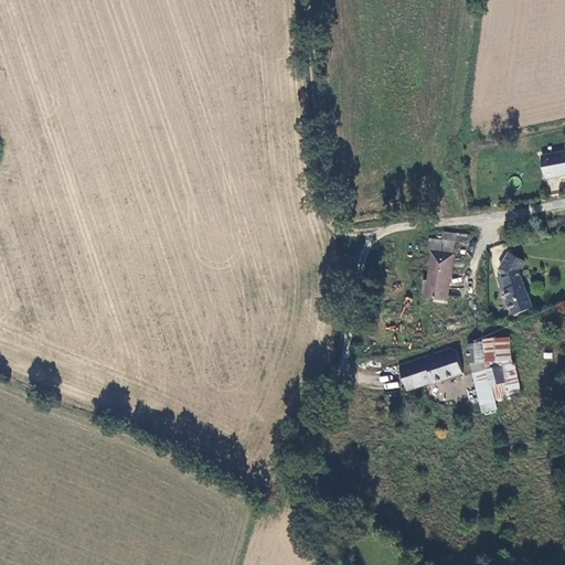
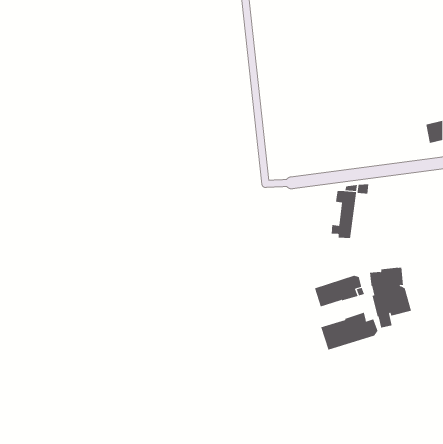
building: [495,249,531,312] -> none
building: none -> [320,312,378,351]

